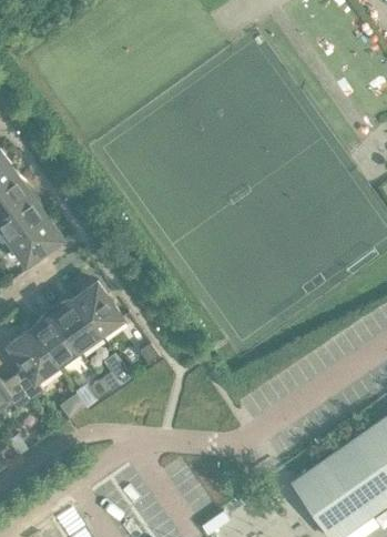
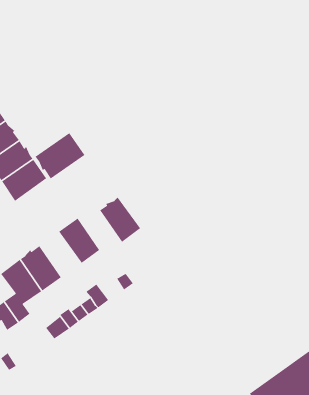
building: none -> [34,132,86,180]
building: [53,298,101,351] -> [99,197,141,243]

